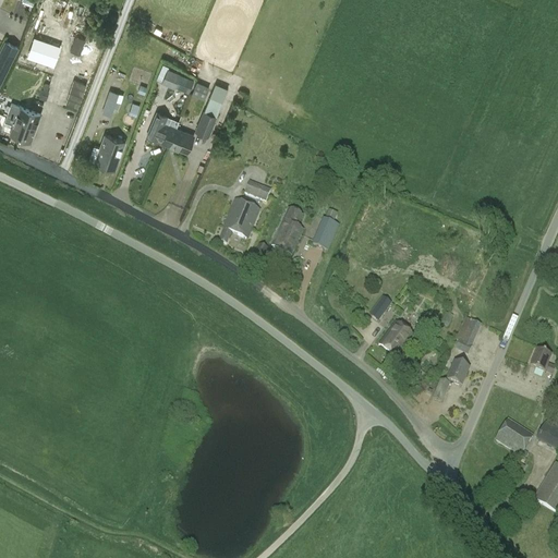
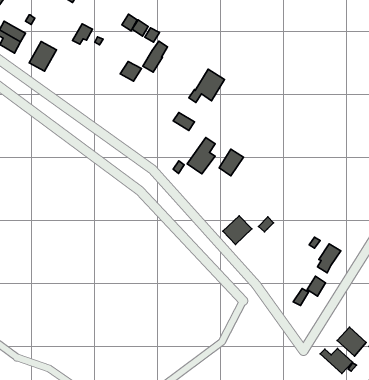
building: [146,108,175,143] -> none
building: [94,131,125,168] -> [29,41,56,71]
building: [217,197,258,242] -> [189,69,225,103]
building: [378,319,414,356] -> [223,216,252,244]
building: none -> [320,348,352,374]

